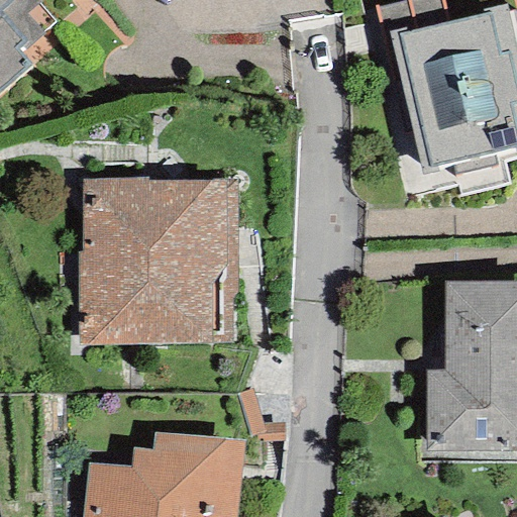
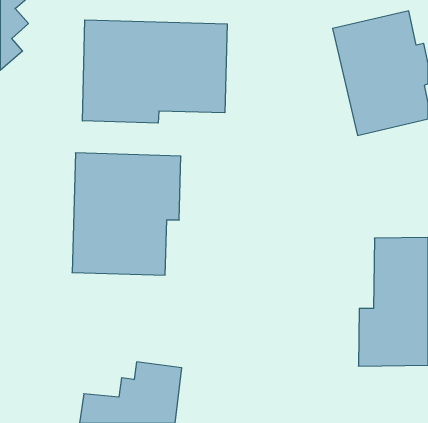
building: none -> [82,20,227,123]

